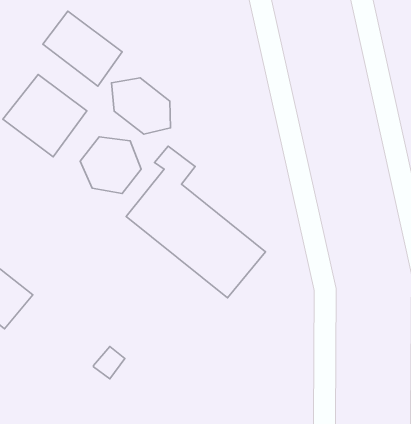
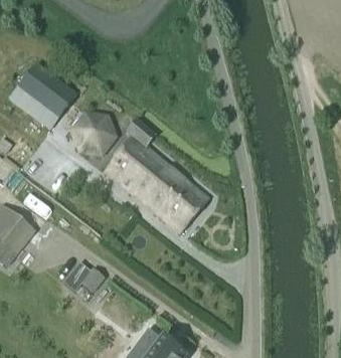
building: [43,11,122,86] -> none
building: [112,78,170,134] -> none

